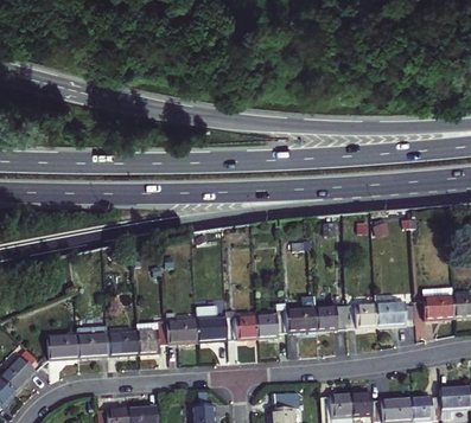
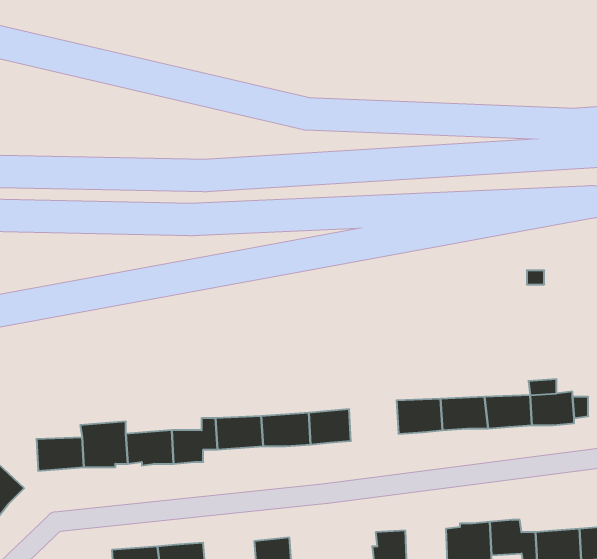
building: [256,309,289,337] -> none

